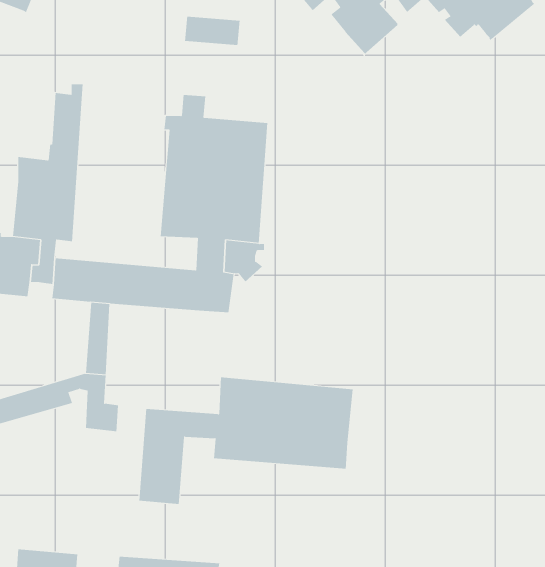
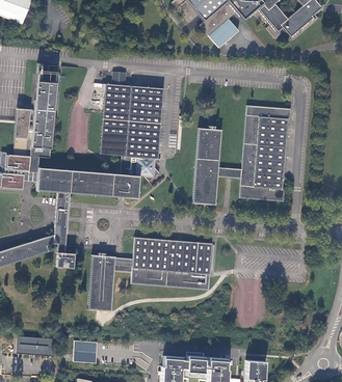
building: [185,16,240,46] -> none
building: none -> [192,105,291,203]

